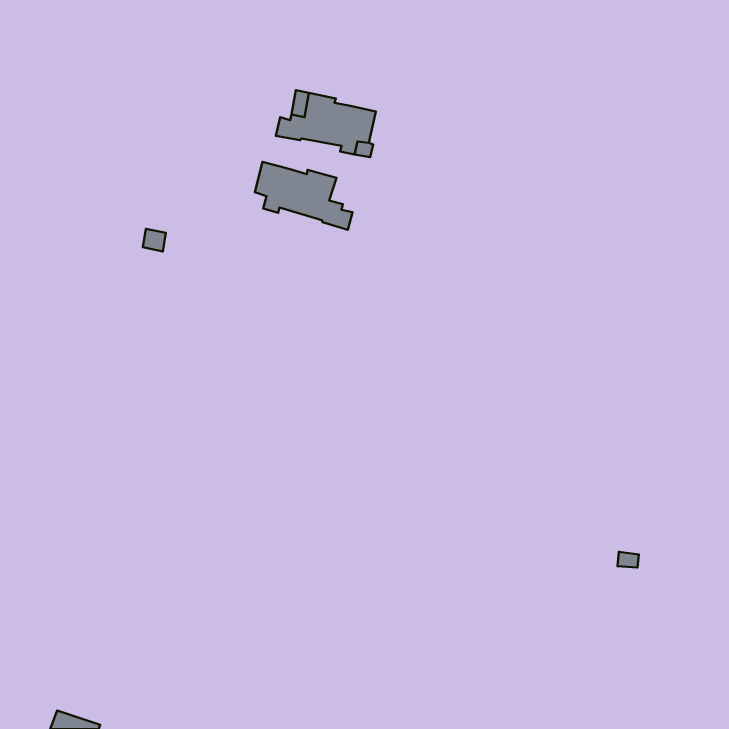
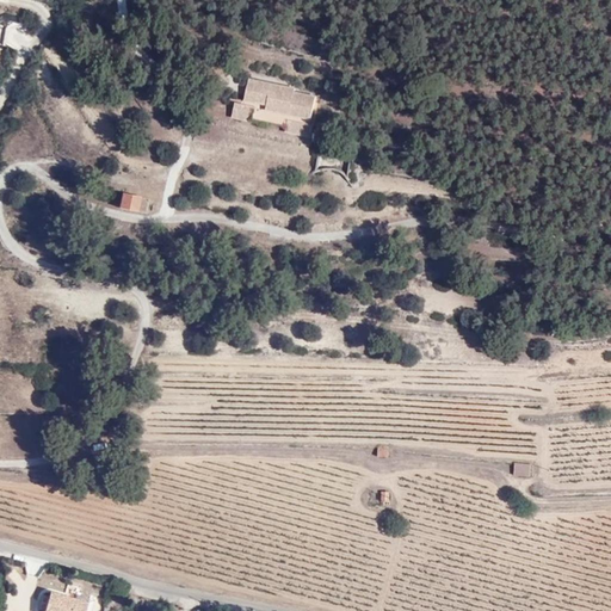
building: [255,162,353,230] -> none

